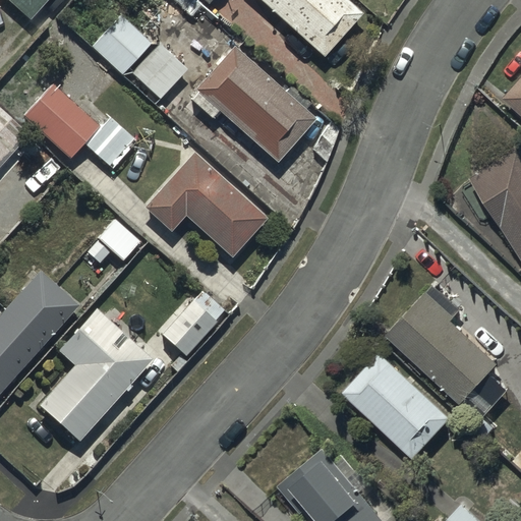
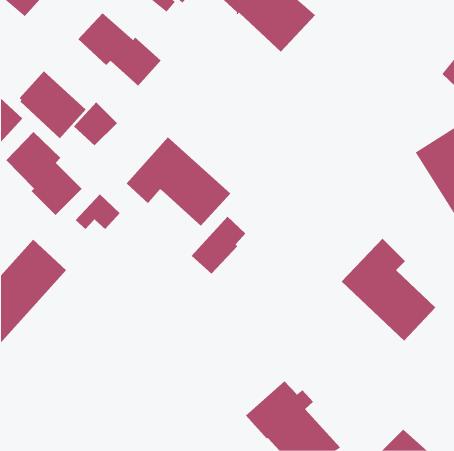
building: [189,50,316,166] -> none
building: none -> [5,131,83,216]
building: [162,290,225,357] -> [191,216,246,275]
building: [39,311,153,444] -> none
building: [346,339,455,446] -> none

